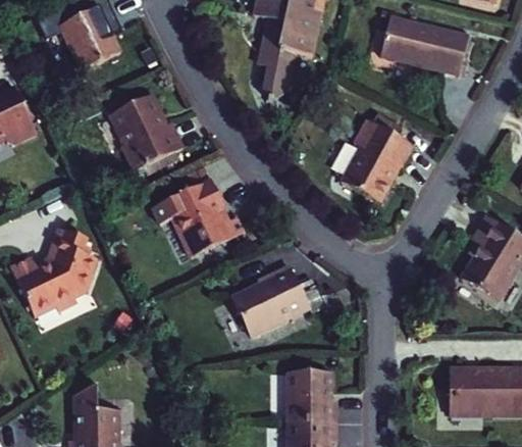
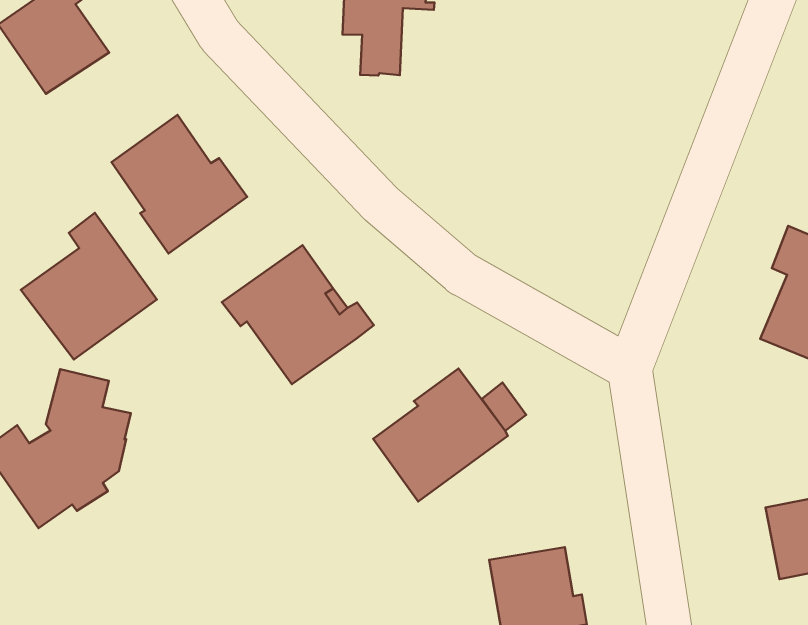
building: [342,117,413,202] -> none
building: none -> [21,213,157,359]

